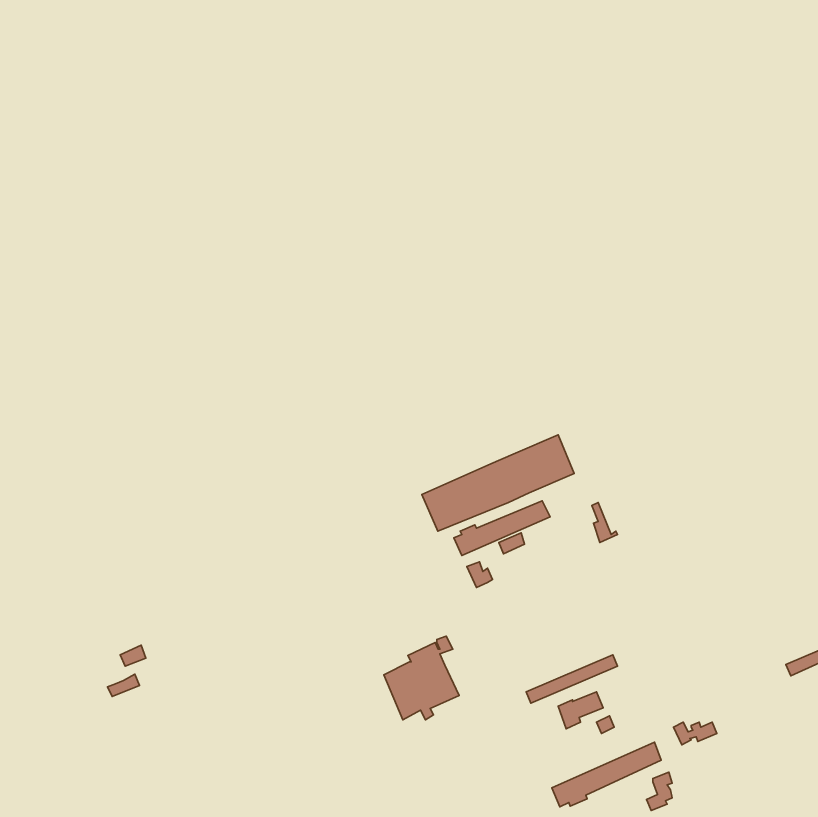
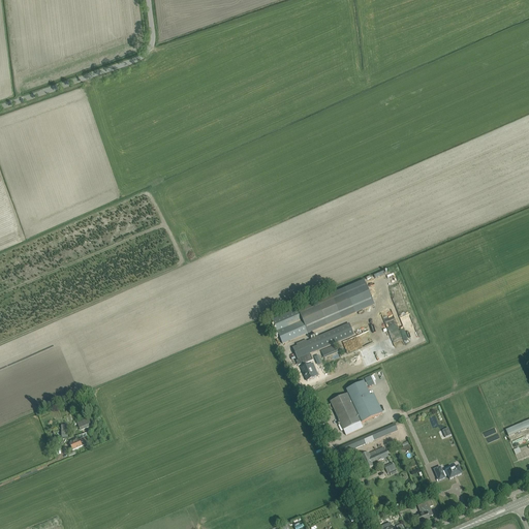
building: [384,636,459,720] -> [332,375,380,429]
building: [552,742,661,807] -> none

